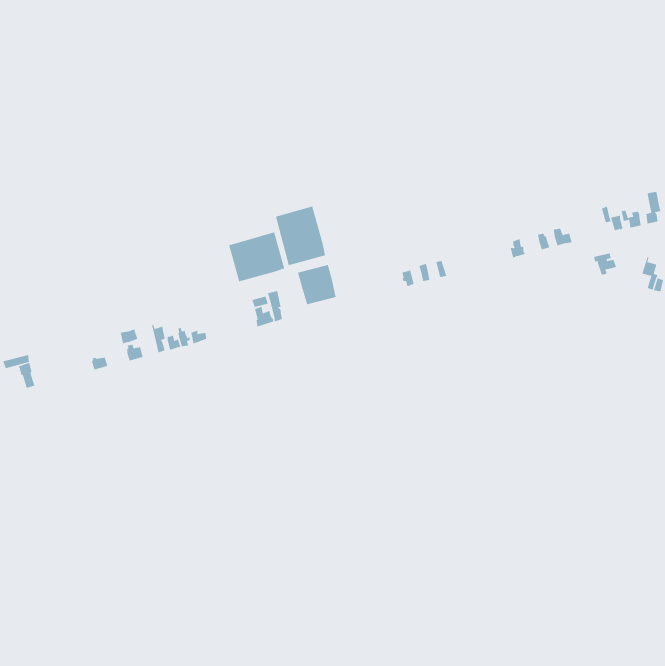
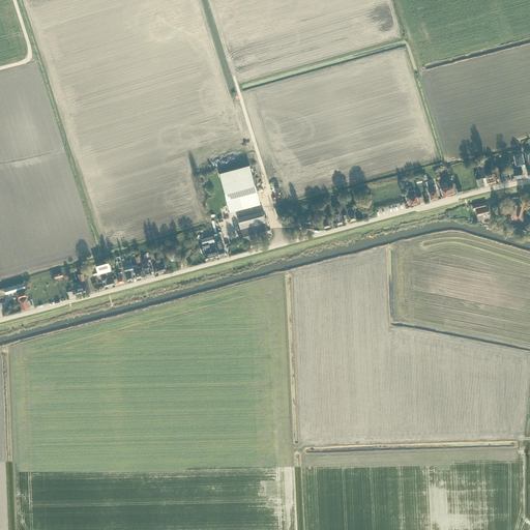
building: [229,231,285,282] -> none

